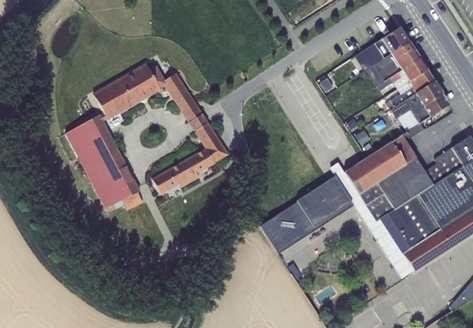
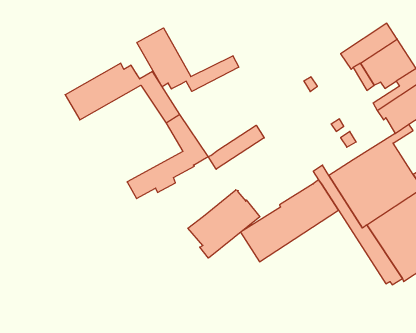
building: none -> [137,28,239,91]
building: [66,113,142,209] -> none
building: none -> [208,125,264,169]
building: none -> [188,190,260,258]

